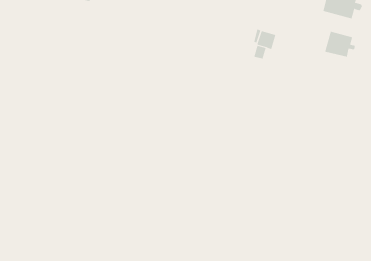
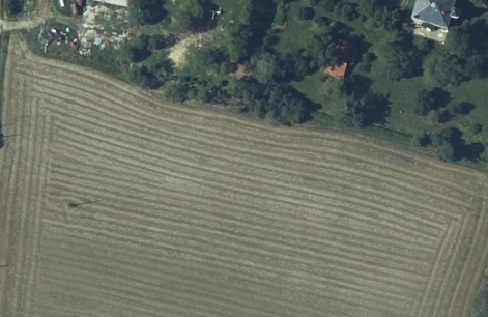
building: [324,31,355,57] -> none

